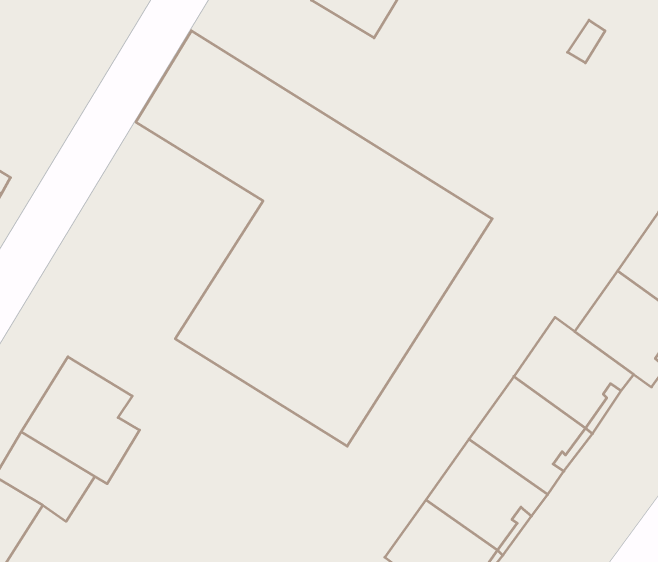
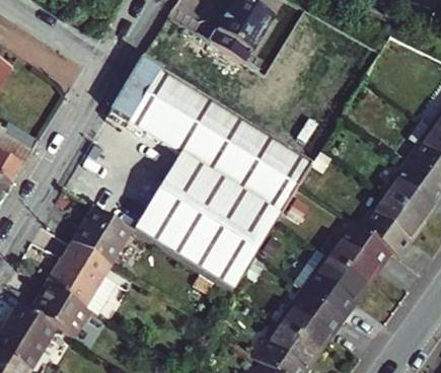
building: none -> [71,205,130,263]

